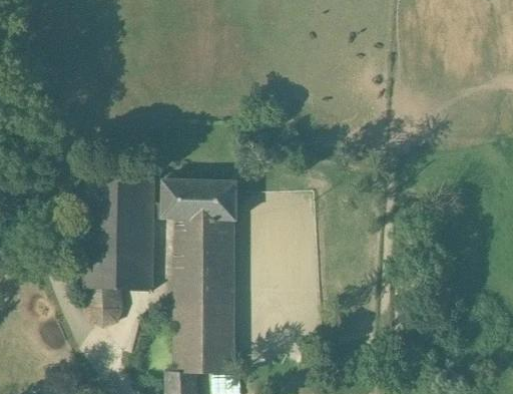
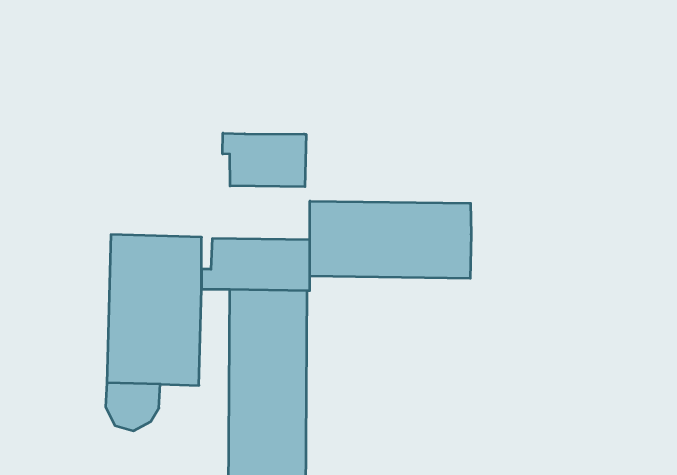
building: none -> [223,133,306,187]
building: none -> [310,201,471,278]

